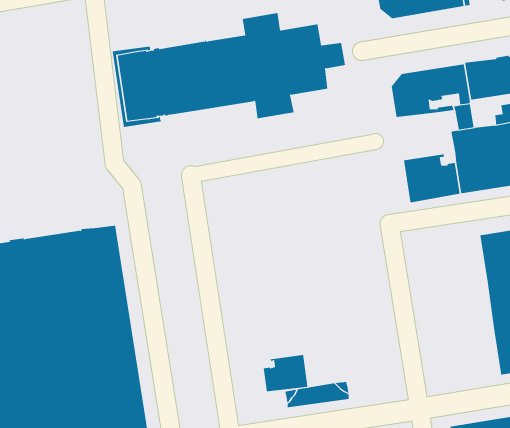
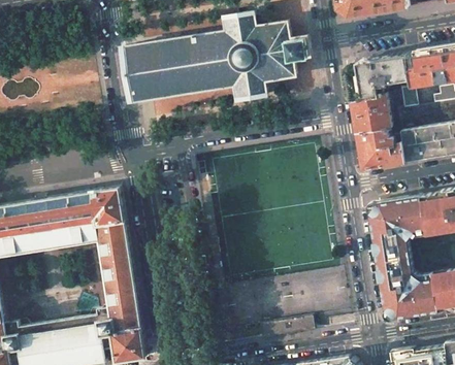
building: none -> [350,96,398,135]
building: none -> [368,197,436,320]
building: [263,354,308,392] -> none

